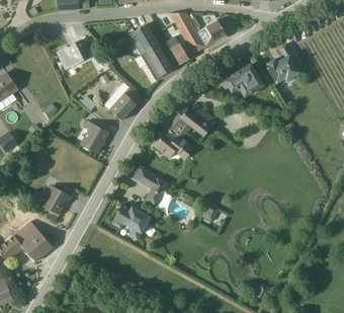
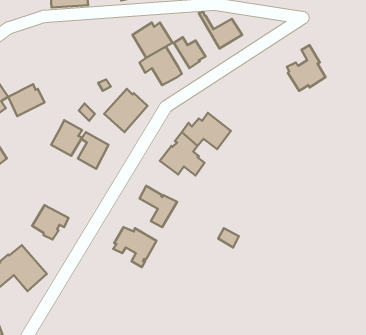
building: [169,12,205,54] -> none
building: [57,41,89,69] -> [8,84,45,116]
building: [221,64,262,96] -> none
building: none -> [51,120,82,156]

